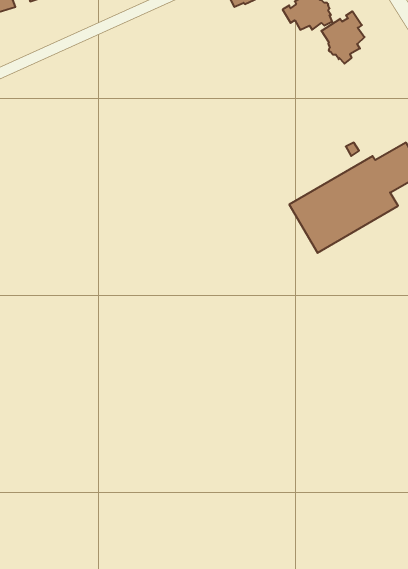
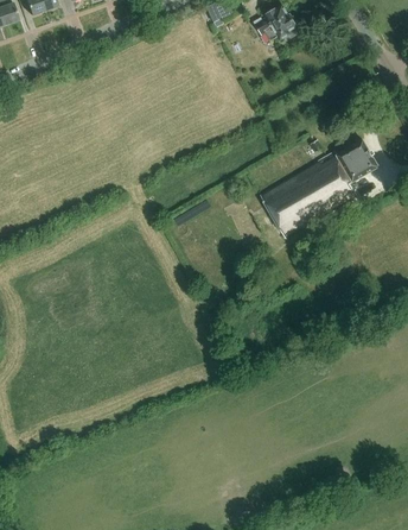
building: [321,11,365,64] -> none

